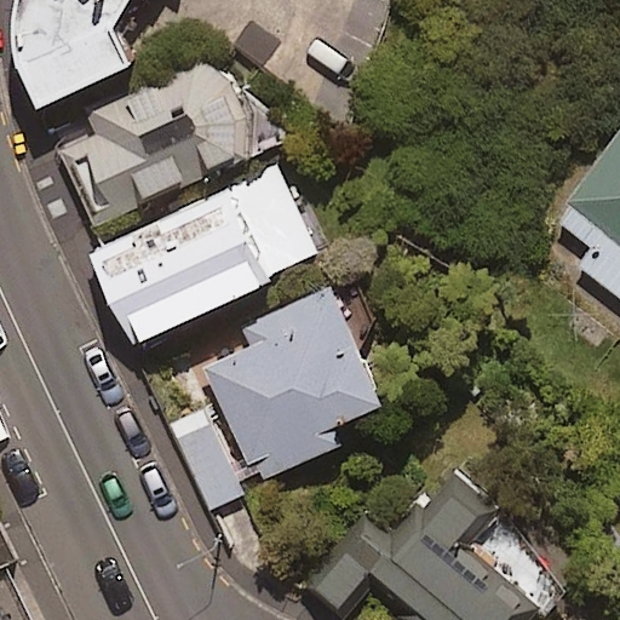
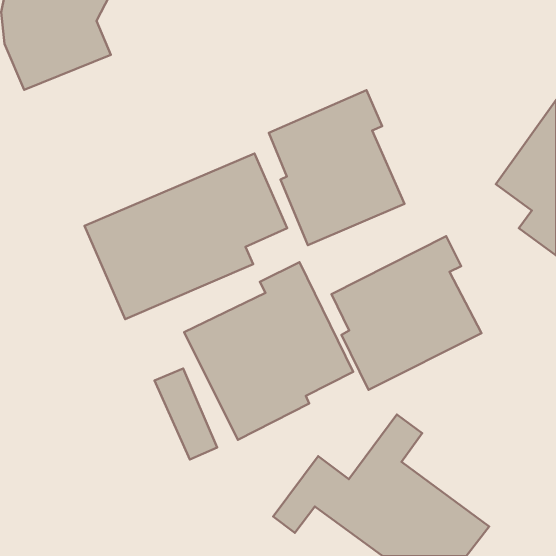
building: [61,53,249,225] -> none
building: none -> [269,90,404,245]
building: none -> [332,236,481,390]

